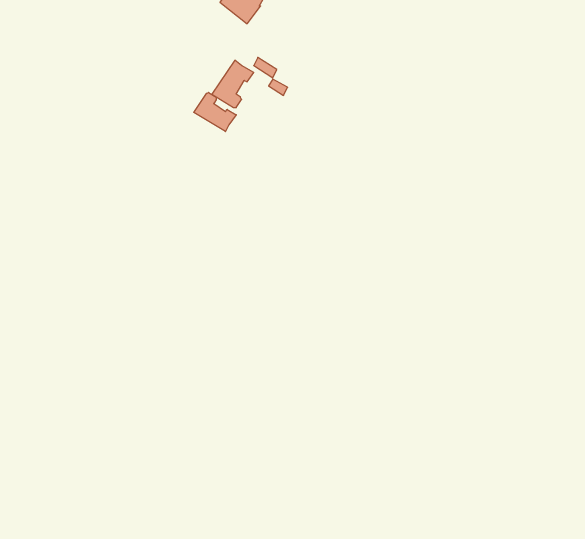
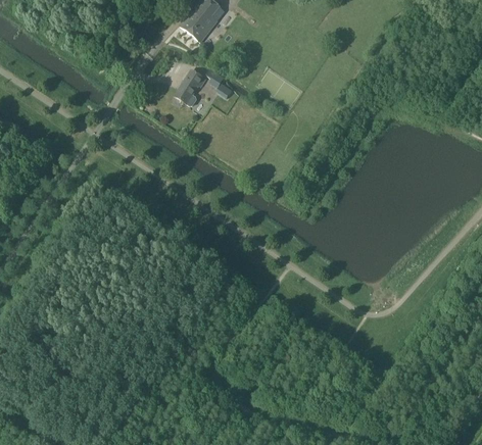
building: [194,92,236,132] -> none

